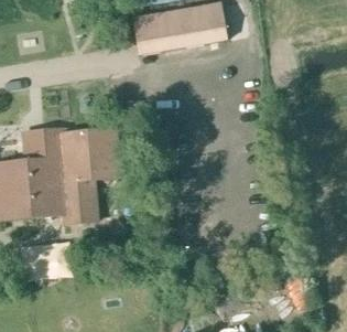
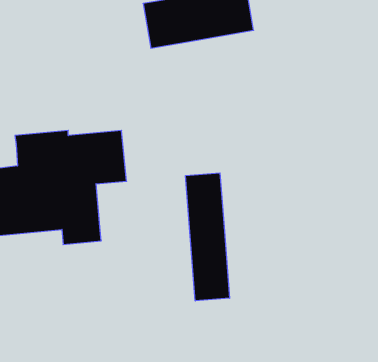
building: none -> [186,173,230,301]

